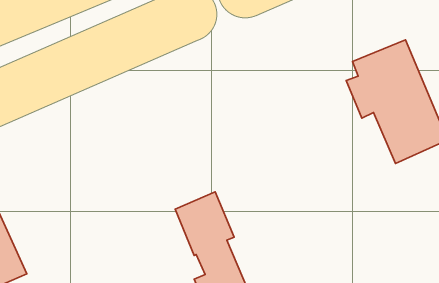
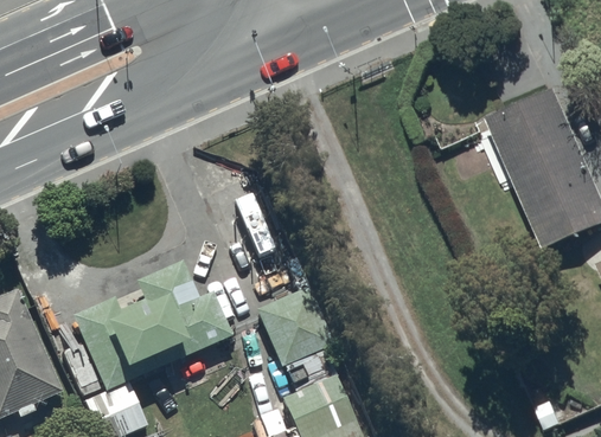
building: none -> [70,277,231,392]

